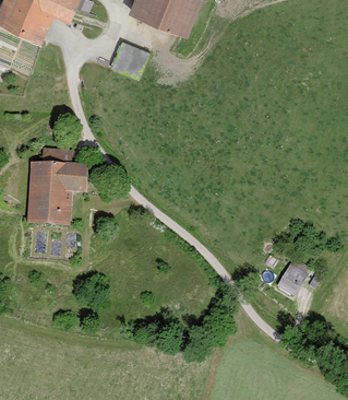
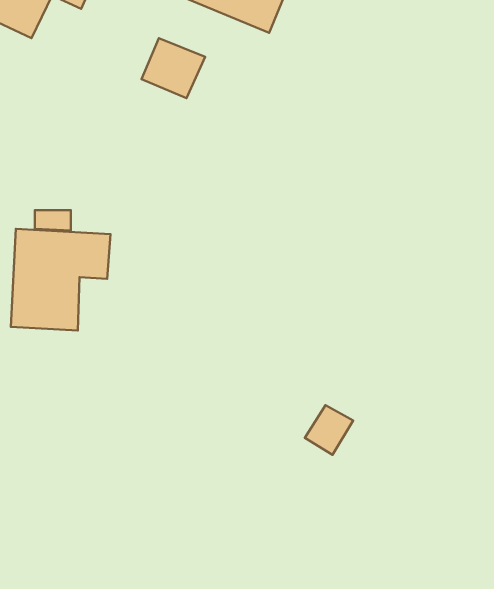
building: [274,267,304,298] -> [305,405,353,455]

